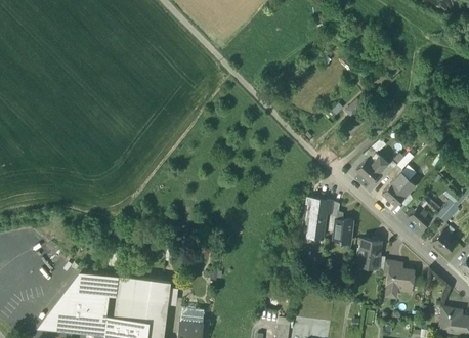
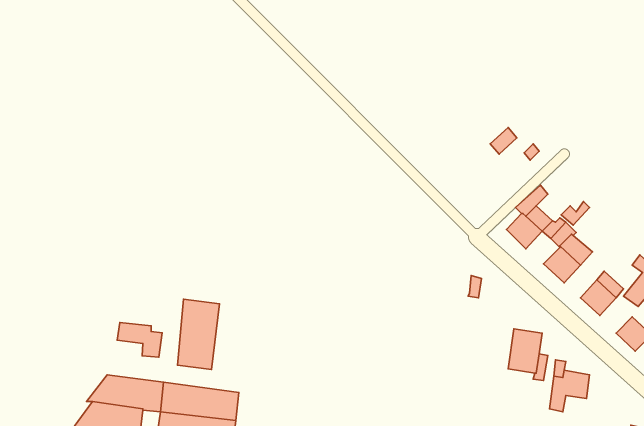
building: [307,200,327,239] -> none
building: none -> [178,299,219,370]
building: [333,219,352,244] -> none
building: none -> [117,322,162,357]

